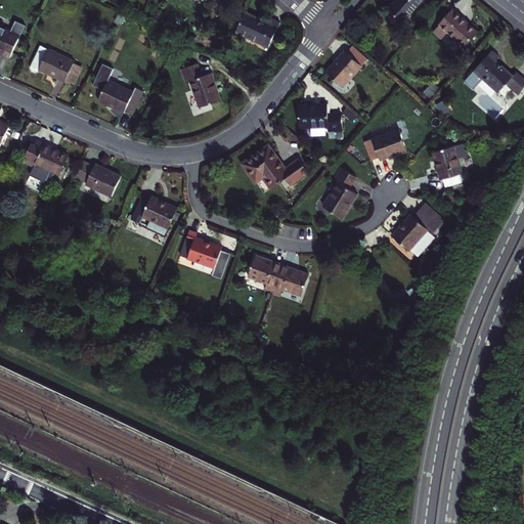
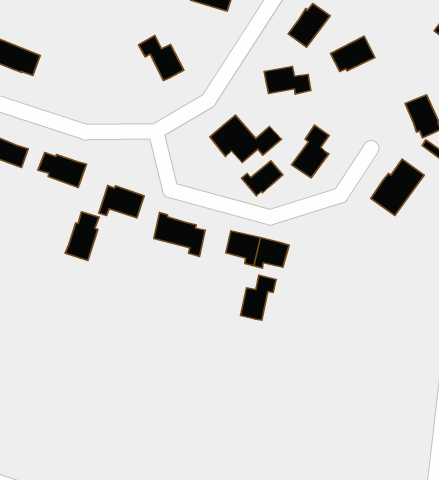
building: [89,64,139,114] -> none
building: [364,127,406,159] -> [331,36,375,72]
building: none -> [241,161,283,196]
building: none -> [65,212,99,261]
building: none -> [240,275,276,320]

